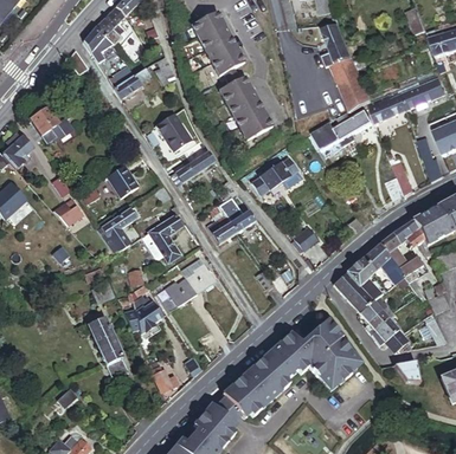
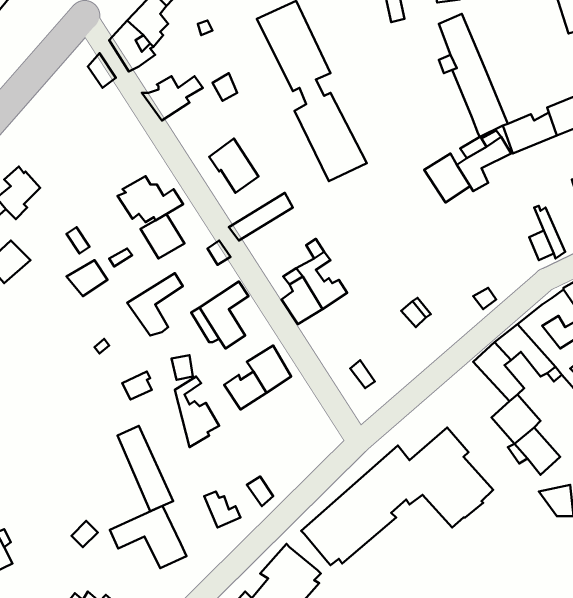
building: [25,109,72,142] -> [118,176,183,222]
building: [251,154,301,193] -> none
building: [333,272,372,312] -> none
building: none -> [110,506,187,568]

